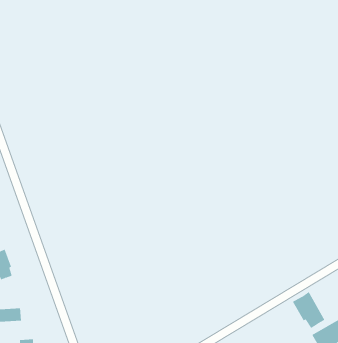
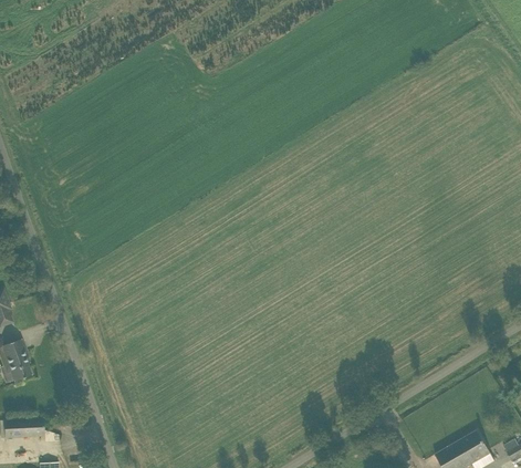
building: [292,291,325,329] -> none

